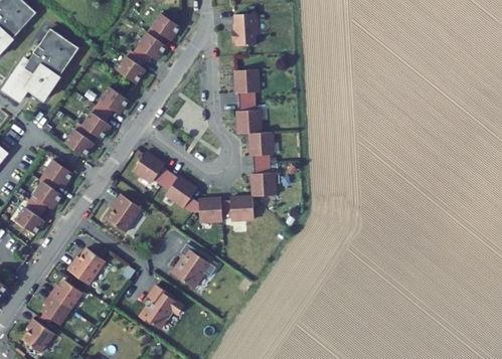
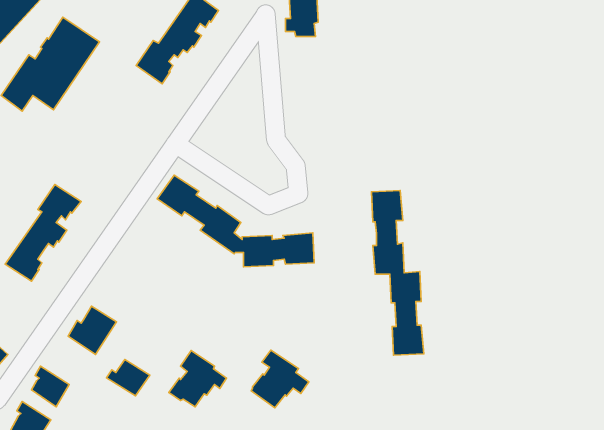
building: [235,68,276,195] -> [371,190,424,355]
building: [66,83,130,154] -> none
building: [107,193,142,231] -> none
building: [175,243,219,288] -> [251,350,309,408]
building: [43,284,76,312] -> [107,359,150,396]

